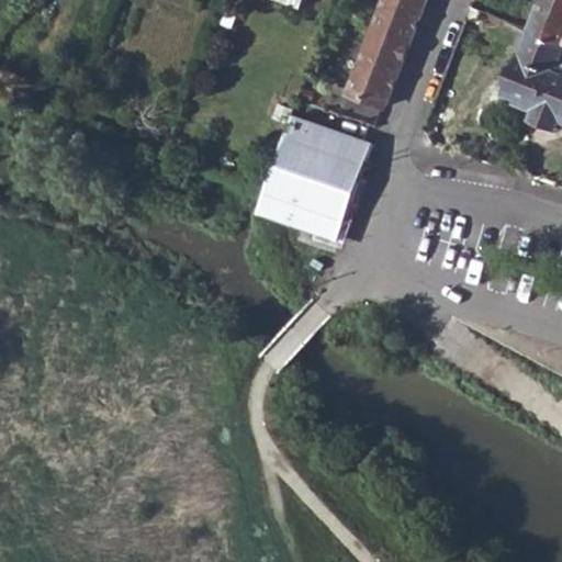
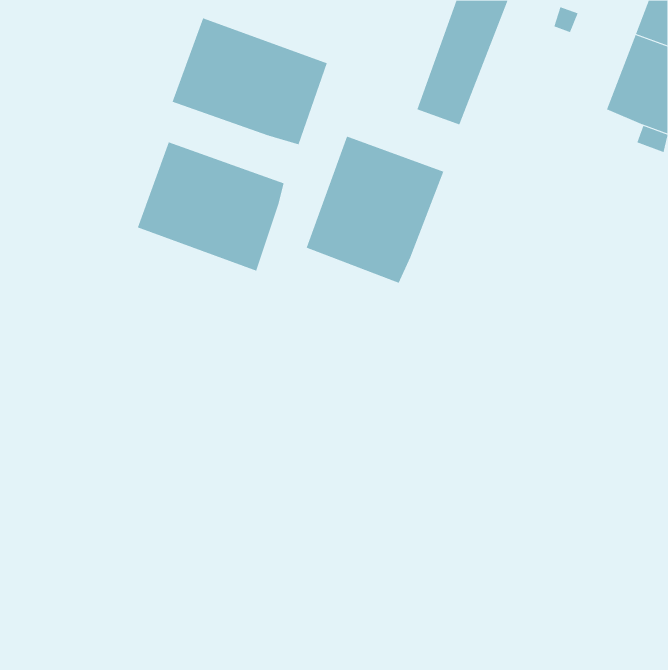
building: none -> [172,17,327,145]
building: none -> [137,142,284,271]

